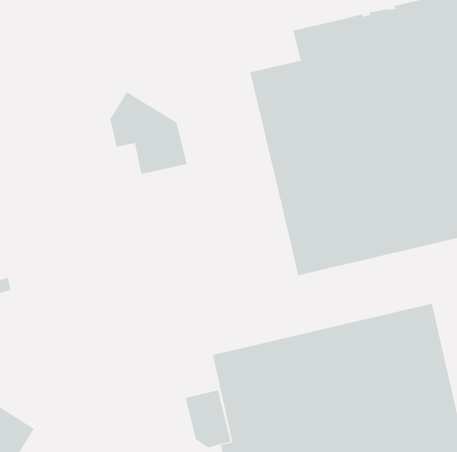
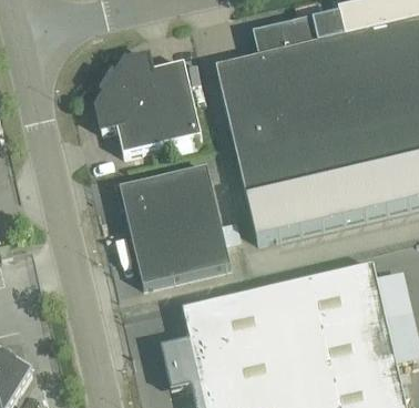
building: none -> [111,53,202,144]
building: none -> [120,165,231,284]

